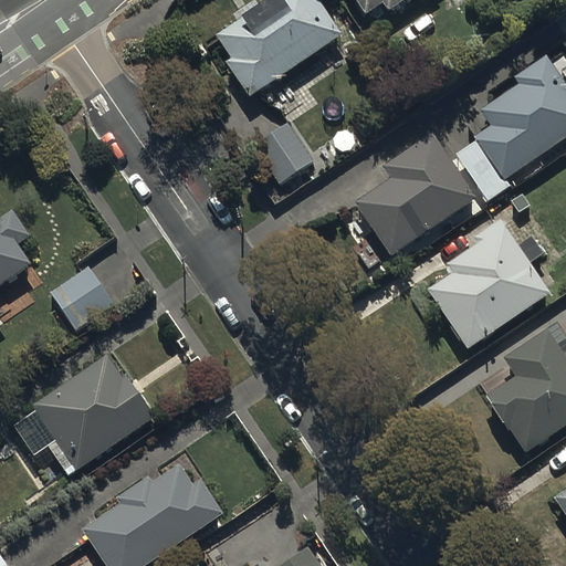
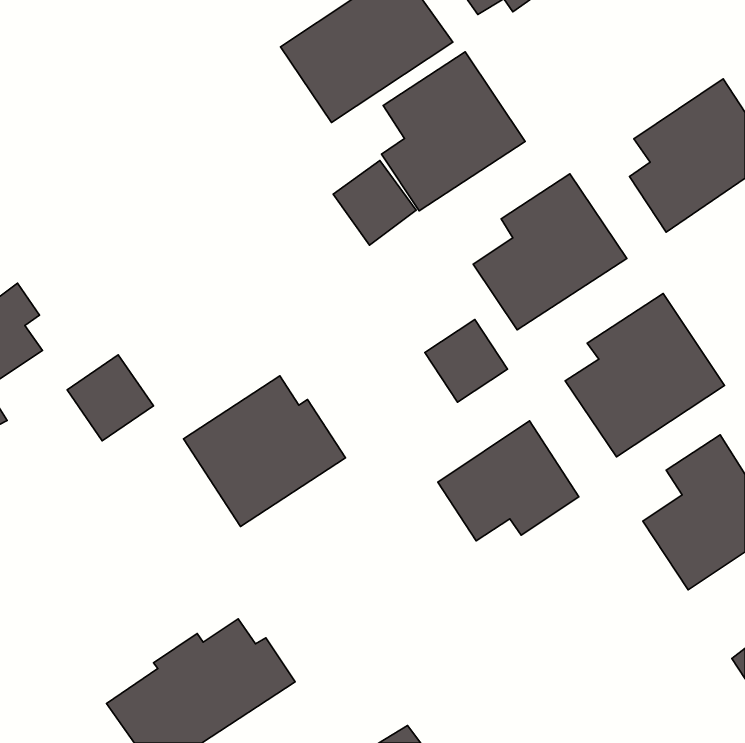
building: none -> [382,52,525,211]
building: none -> [425,320,508,402]
building: none -> [438,421,579,541]
building: [33,360,156,474] -> [183,376,346,526]

